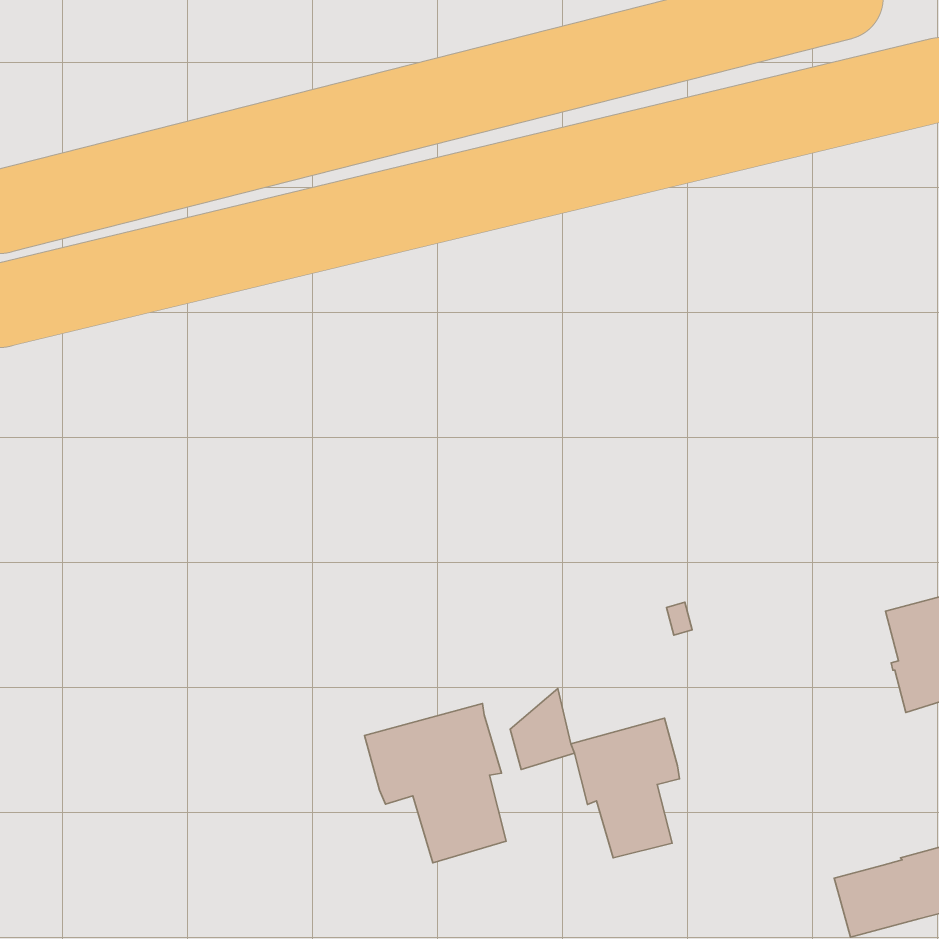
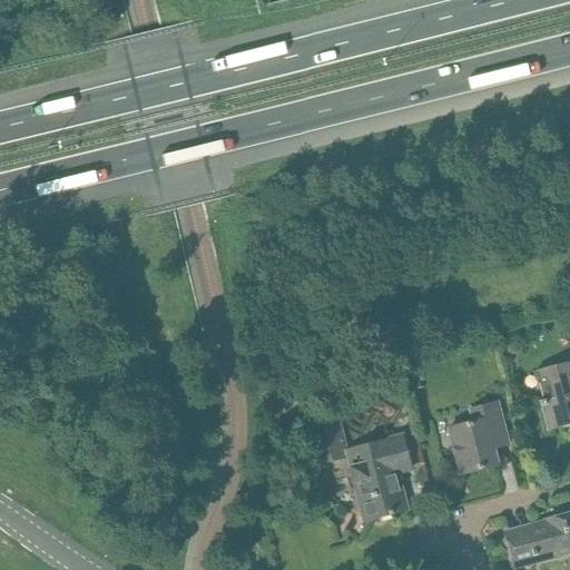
building: none -> [449,402,509,473]
building: [364,703,506,863] -> none

